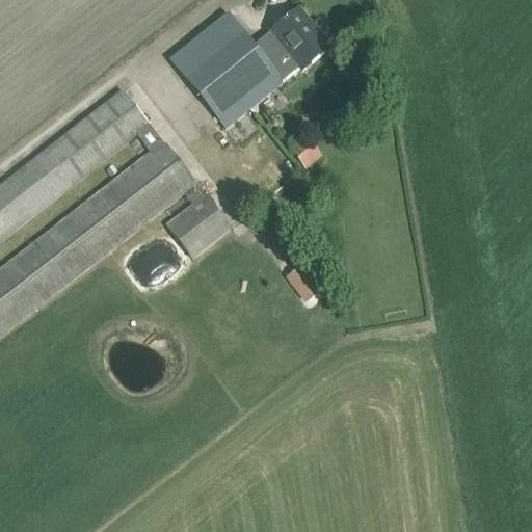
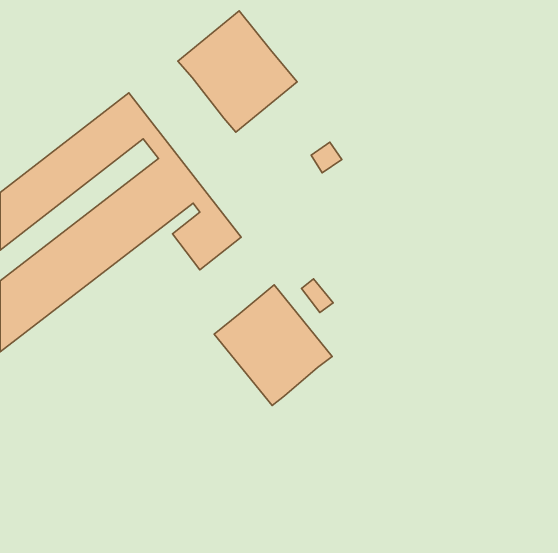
building: [259,6,338,78] -> none
building: none -> [214,285,332,406]

